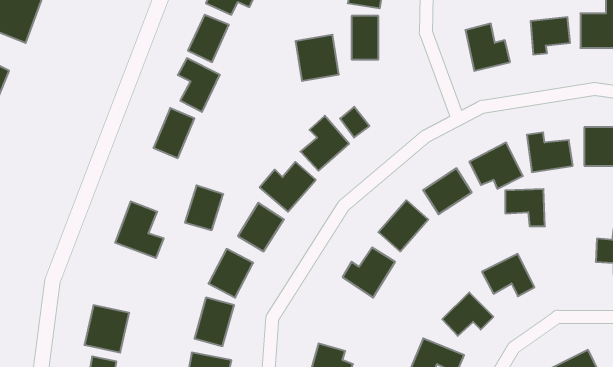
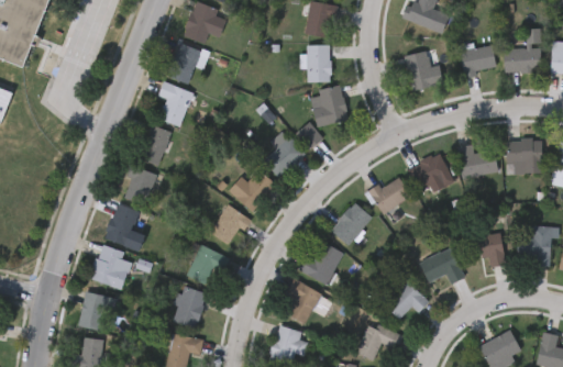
building: [295,35,339,81] -> [310,86,347,125]
building: [185,185,223,230] -> [123,166,156,204]
building: [505,189,545,226] -> [468,234,503,266]
building: none -> [90,245,129,288]
building: none -> [286,278,321,324]

